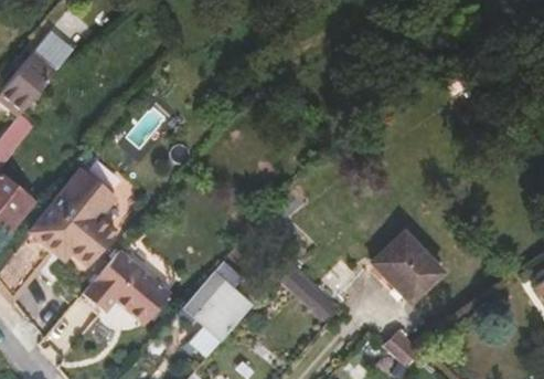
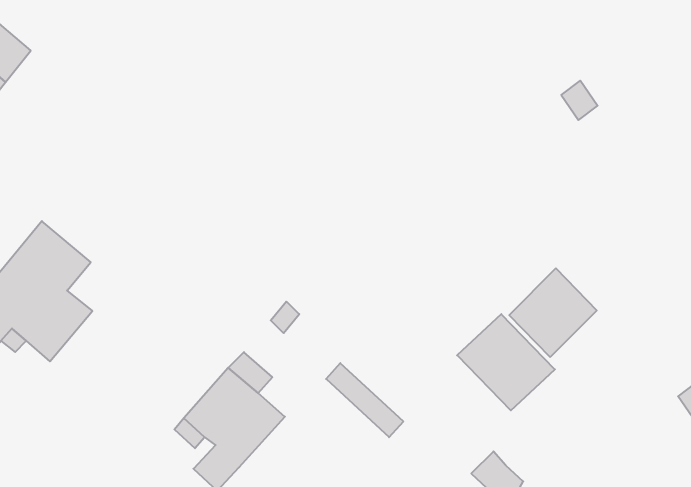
building: none -> [509,268,597,357]
building: [83,250,171,324] -> none

